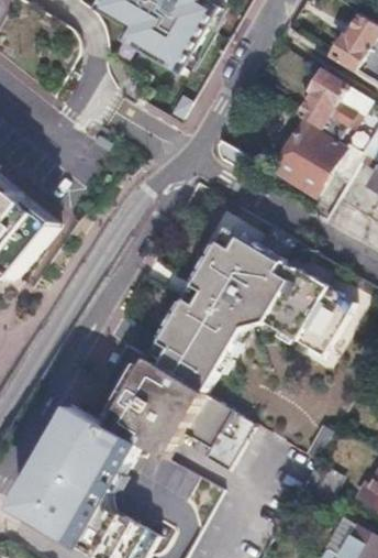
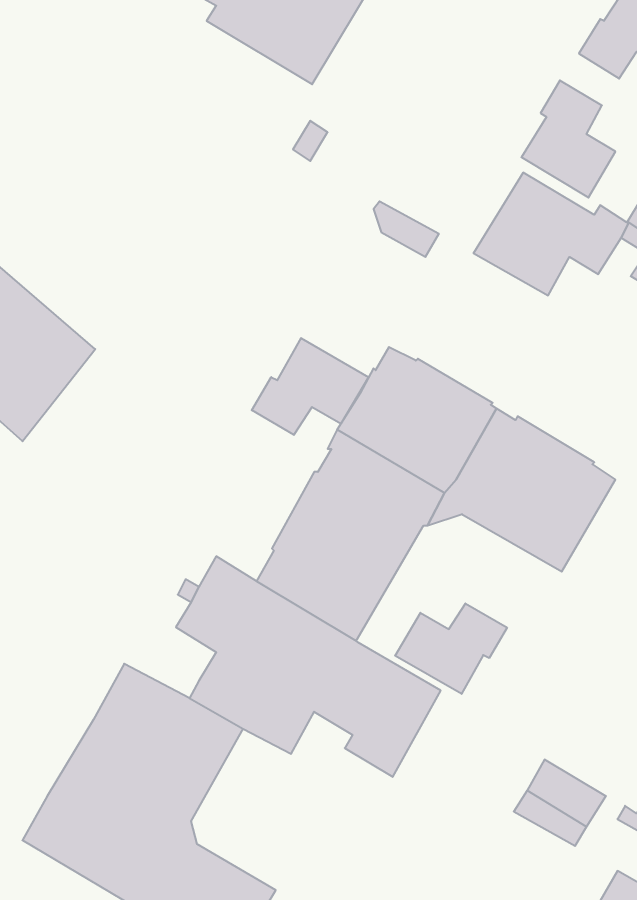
building: none -> [252,338,369,435]
building: none -> [395,603,507,694]

